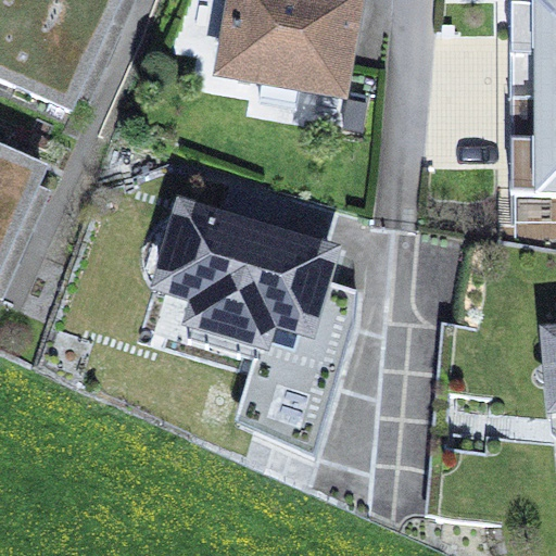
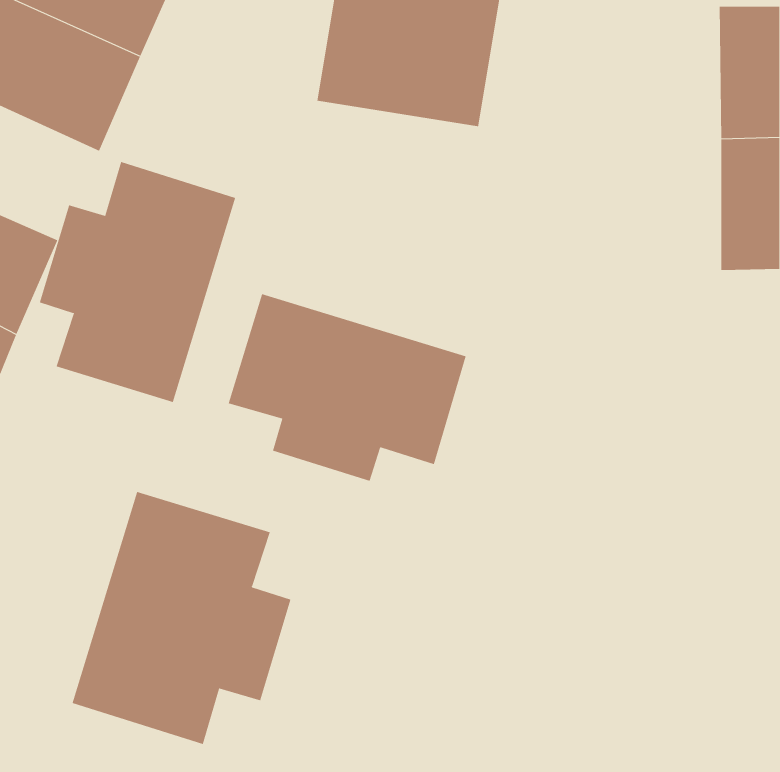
building: none -> [39,161,236,403]
building: none -> [72,491,291,745]

